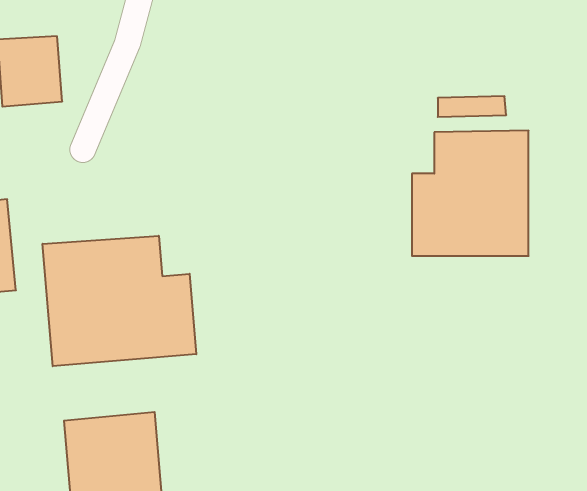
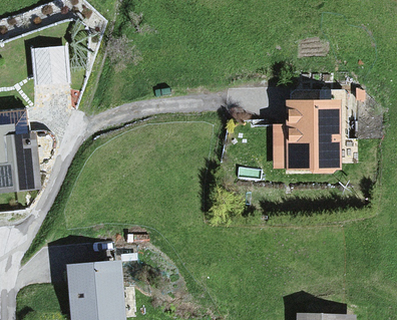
building: [43,236,196,366] -> none

